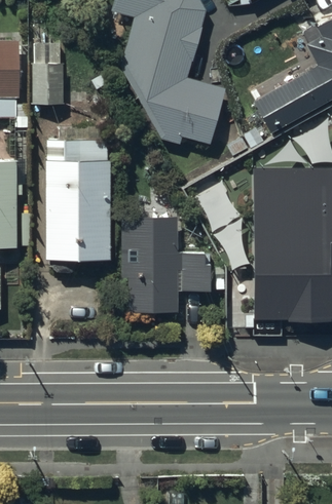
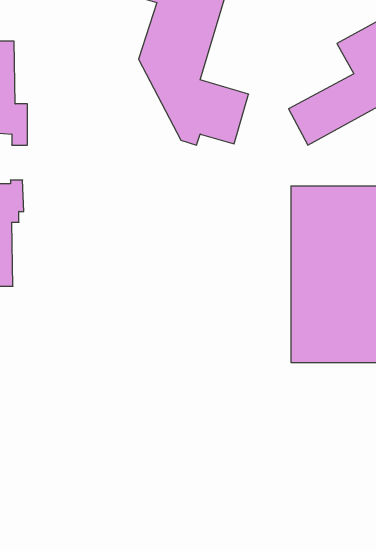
building: [33,47,68,108] -> none
building: [46,146,111,278] -> none
building: [125,221,211,311] -> none

